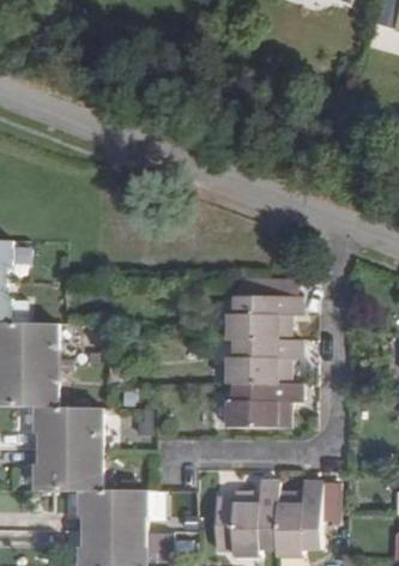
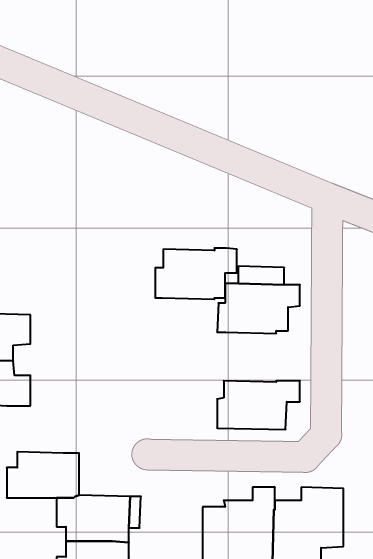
building: [226,338,301,385] -> [155,248,237,299]
building: [35,407,102,450] -> none

